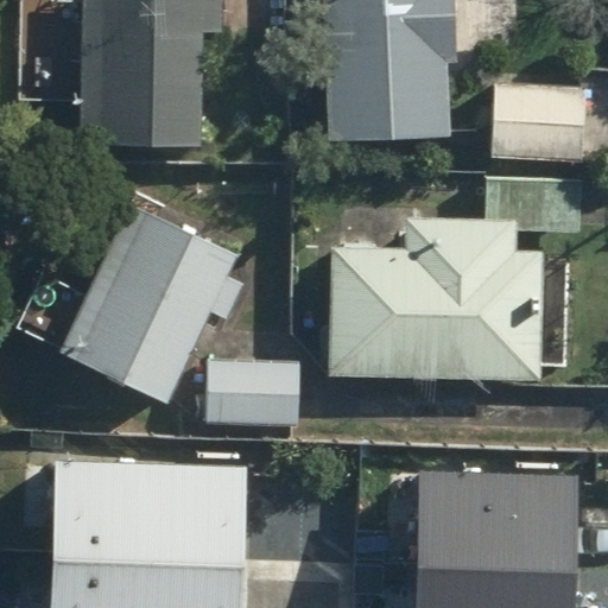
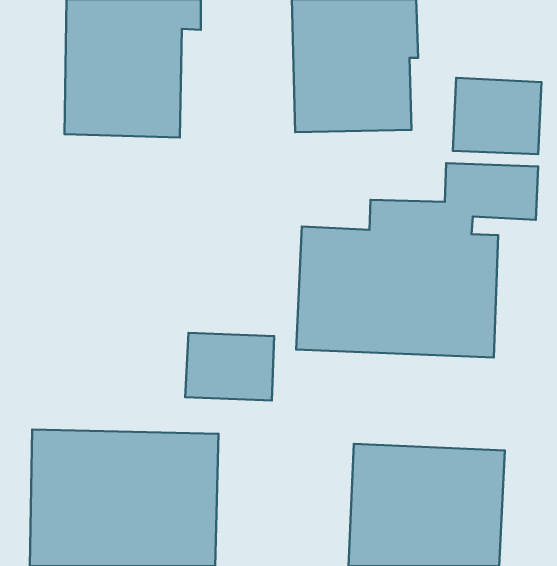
building: [58,207,251,405] -> none

